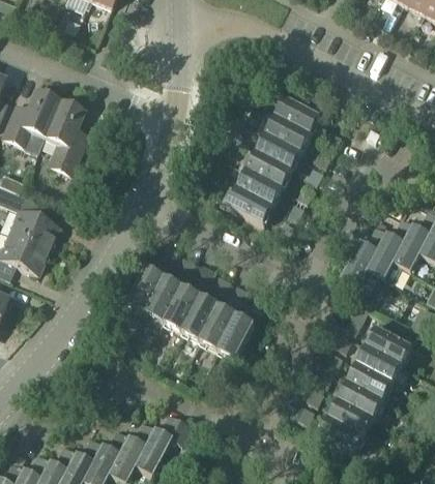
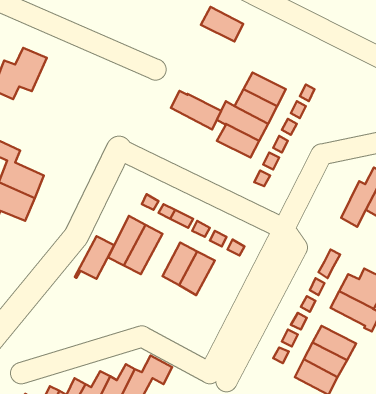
building: [274,99,319,135] -> [201,7,243,42]
building: [44,102,87,174] -> none
building: [220,186,272,226] -> [171,91,221,130]
building: [340,225,386,288] -> none
building: [157,286,199,331] -> [75,236,114,279]
building: [215,314,254,360] -> none
building: [347,364,393,401] -> none

